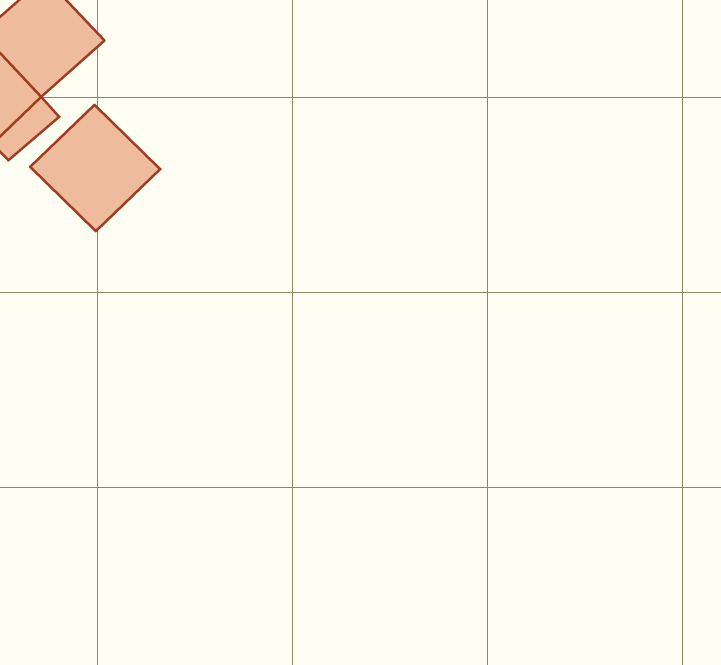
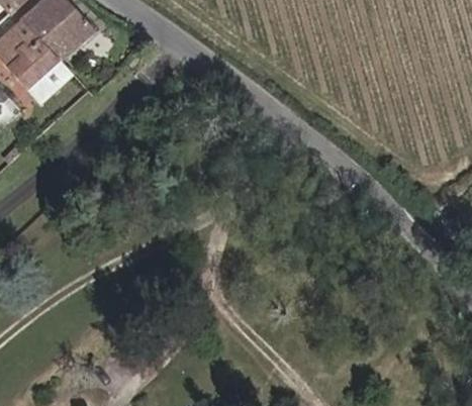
building: [30,105,160,231] -> none

